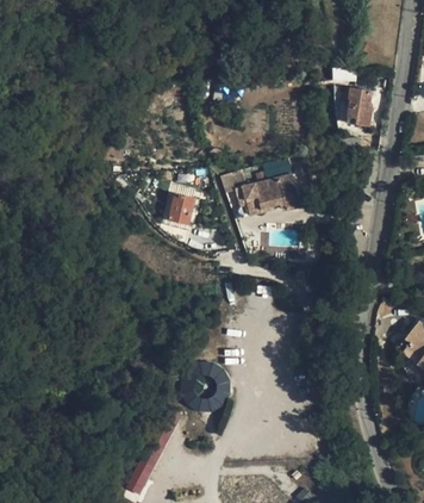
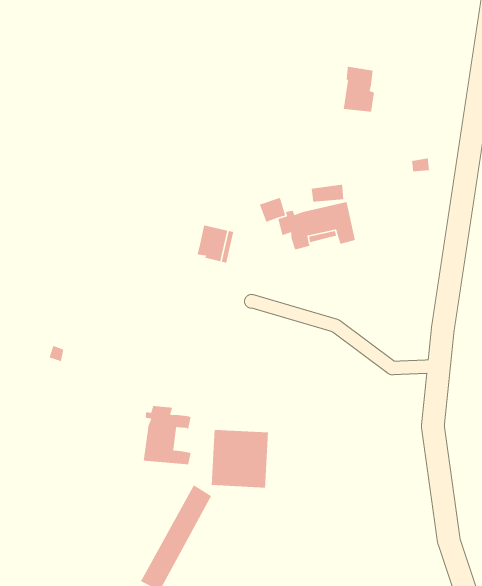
building: [345,87,372,125] -> [343,66,375,112]
building: none -> [143,405,191,465]

